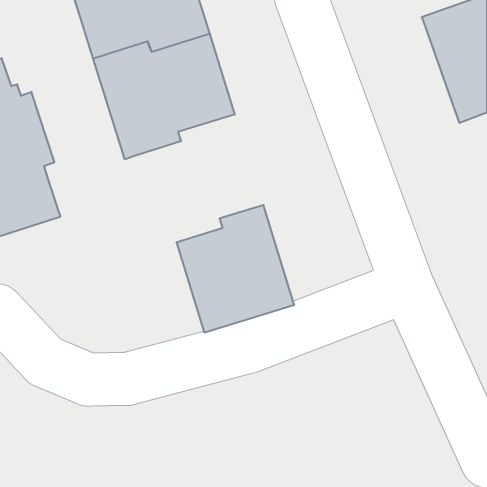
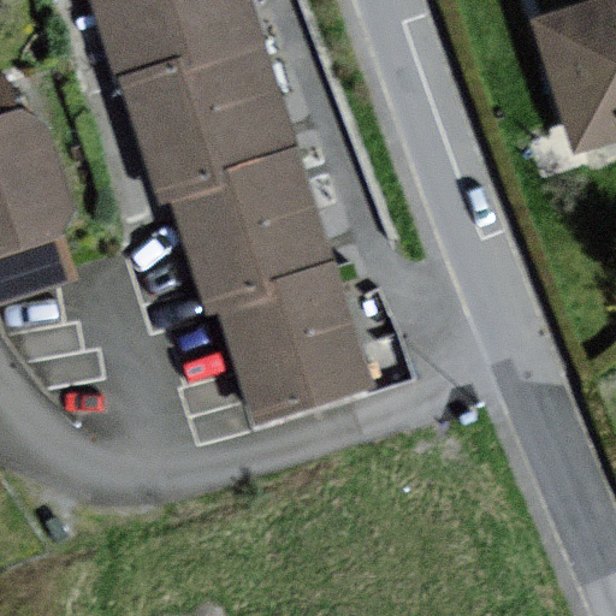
building: none -> [173,143,331,308]

